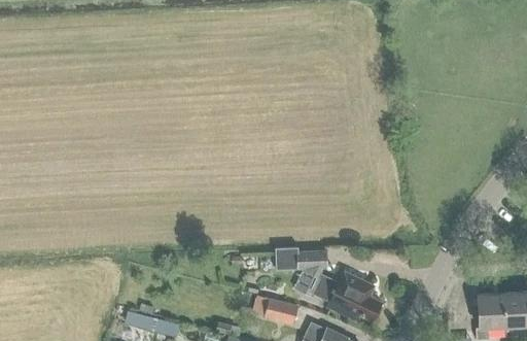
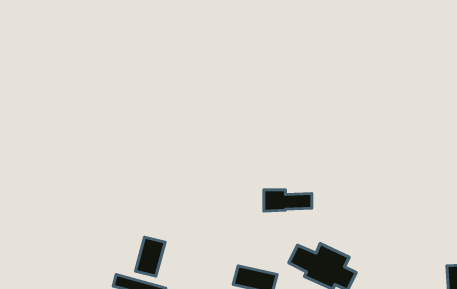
building: [276,247,326,270] -> [264,190,312,211]
building: none -> [135,237,165,276]

